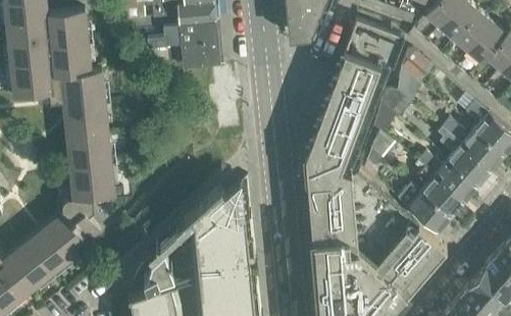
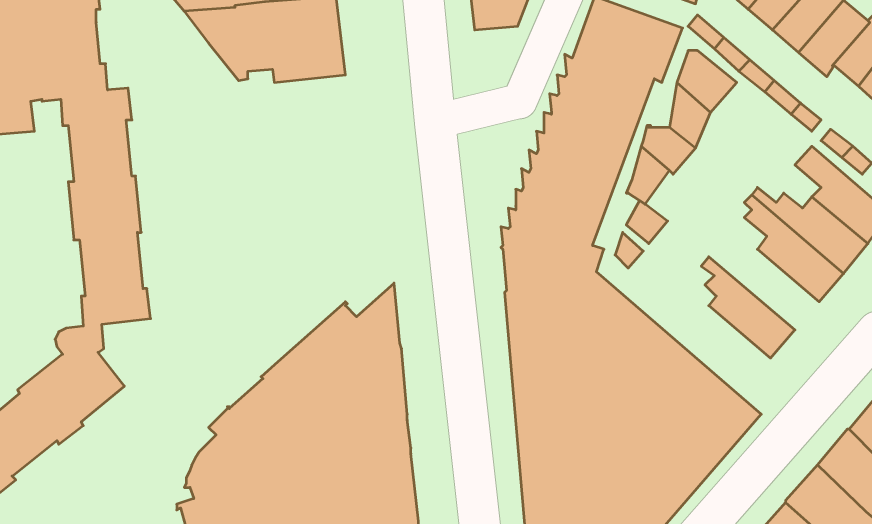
building: [418,154,478,203] -> none
building: [398,185,452,233] -> none

